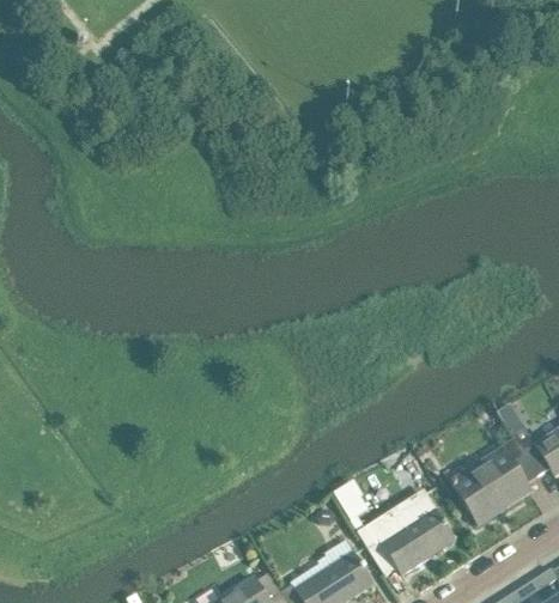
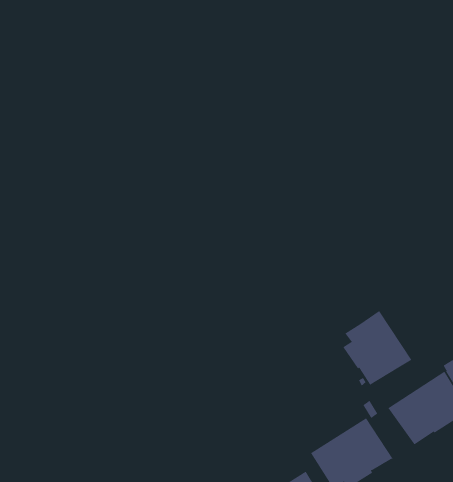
building: none -> [343,310,412,386]

